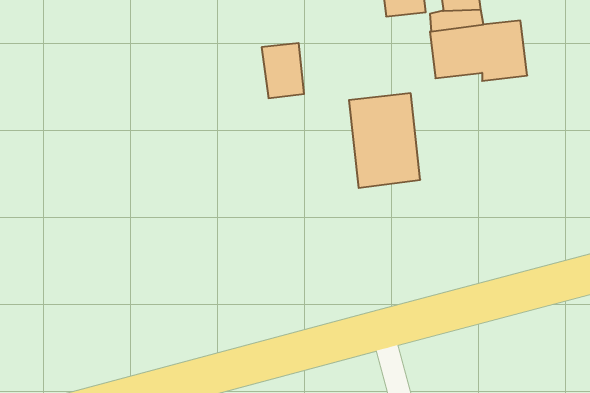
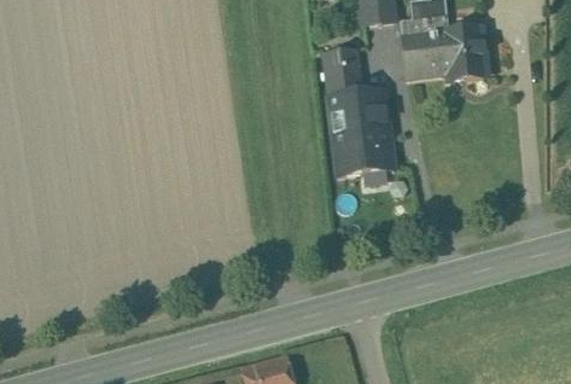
building: [262,43,304,98] -> [325,51,362,99]

